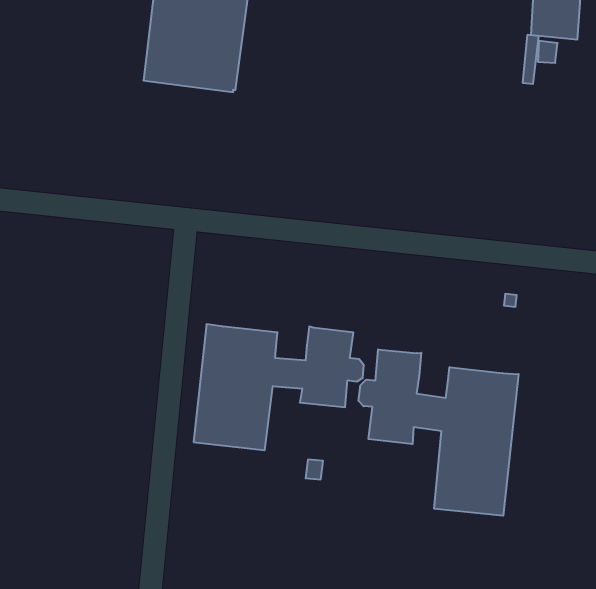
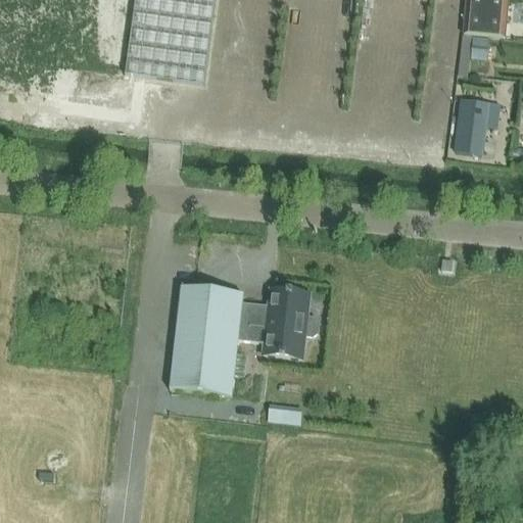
building: none -> [456,96,490,153]
building: [359,349,519,516] -> none

